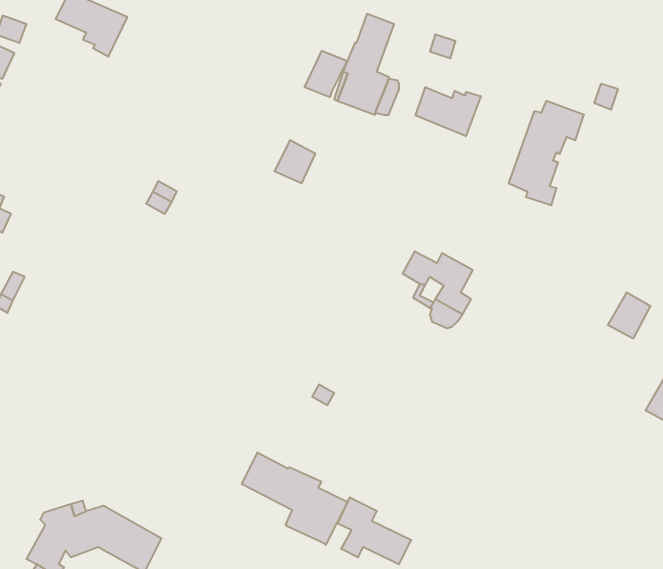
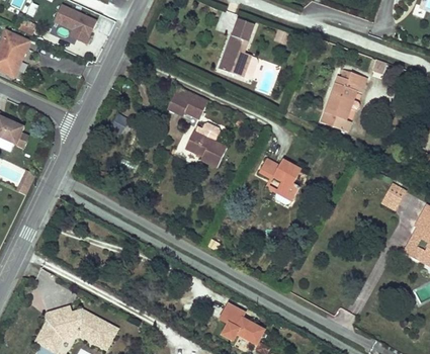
building: [304,51,347,97] -> [167,86,192,113]
building: [415,87,481,136] -> none
building: none -> [185,121,226,166]
building: [242,452,348,545] -> none

